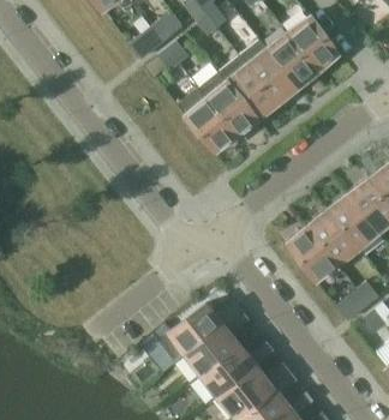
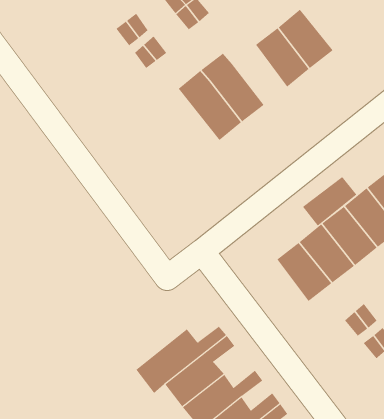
building: [240,40,298,103] -> none
building: [179,89,237,152] -> none
building: none -> [302,176,357,226]

